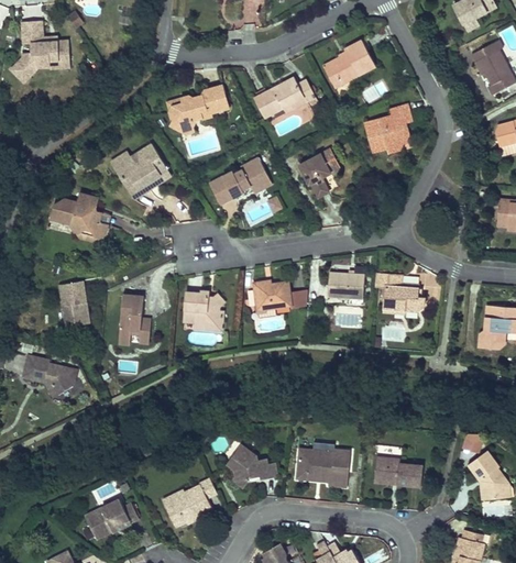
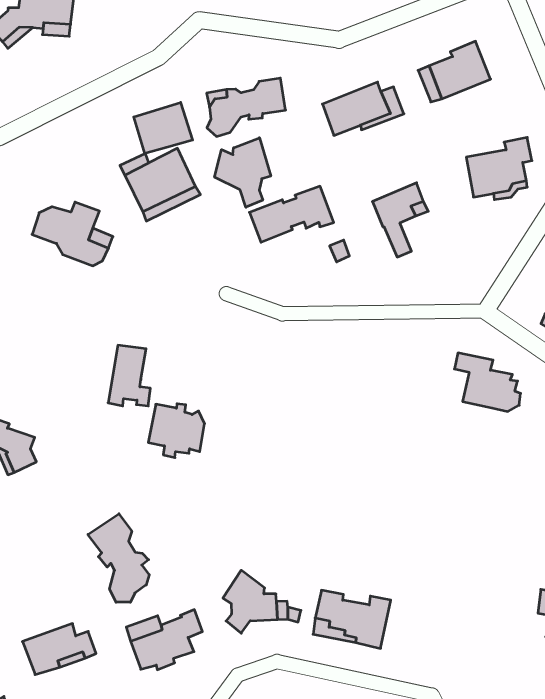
building: none -> [134,102,193,154]
building: none -> [215,138,271,207]
building: [329,267,366,302] -> none
building: [253,278,292,307] -> none
building: [63,279,95,327] -> none
building: [187,288,227,328] -> [148,404,205,458]
building: none -> [88,514,149,602]
building: [373,459,421,488] -> none

